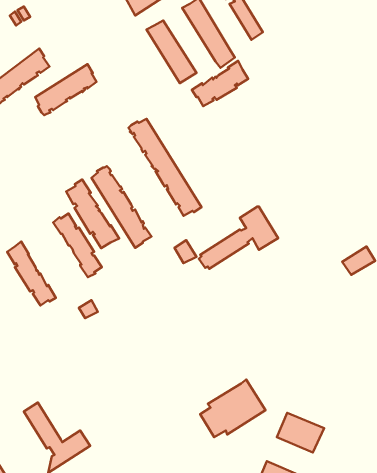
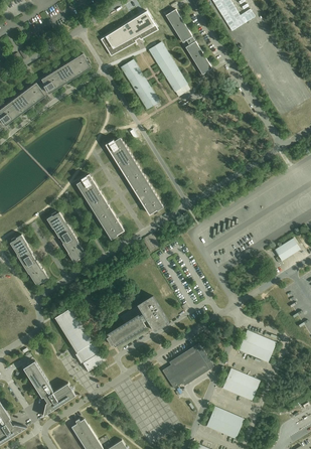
building: [192,61,248,106] -> none
building: [35,64,97,115] -> [40,52,89,93]
building: [66,180,119,248] -> none
building: [199,206,278,269] -> [106,296,168,345]
building: none -> [54,306,105,370]
building: none -> [239,330,275,361]

